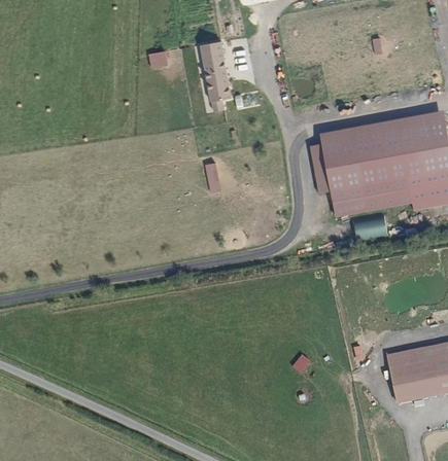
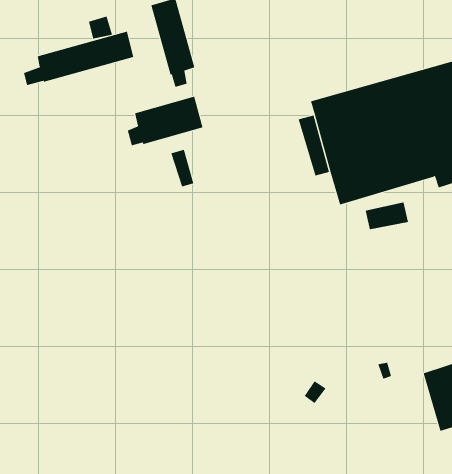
building: none -> [23,31,134,86]
building: none -> [127,96,203,146]

